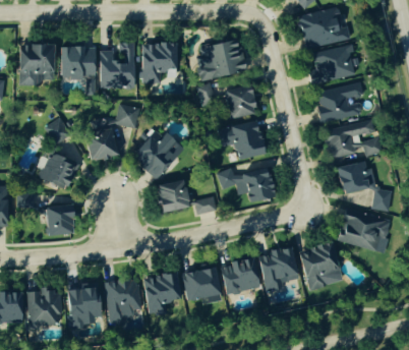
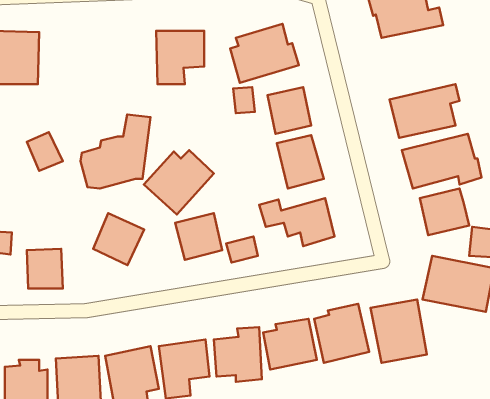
building: [100,42,134,88] -> none
building: [310,45,357,84] -> none
building: [60,46,96,77] -> none
building: [42,152,79,190] -> [93,213,144,265]

